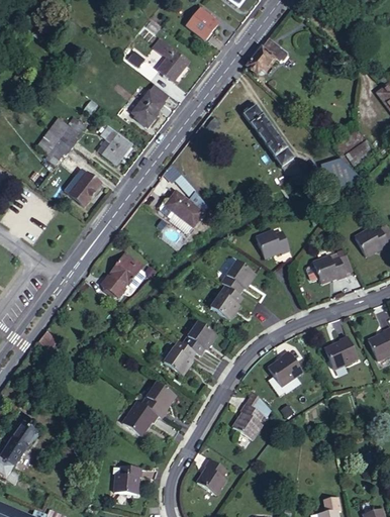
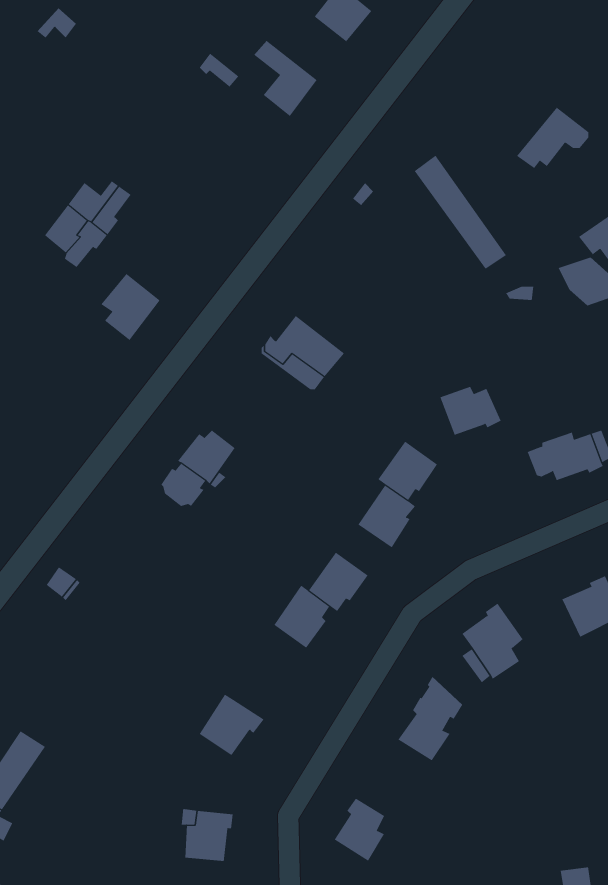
building: [248,38,288,73] -> [516,107,589,169]
building: [132,90,165,124] -> none
building: [93,122,131,165] -> none
building: [142,382,177,417] -> none

